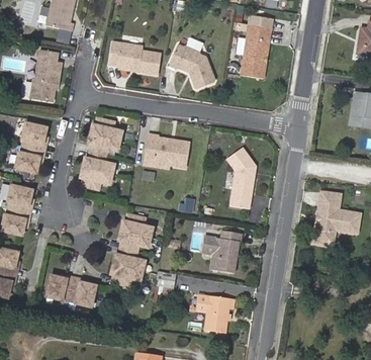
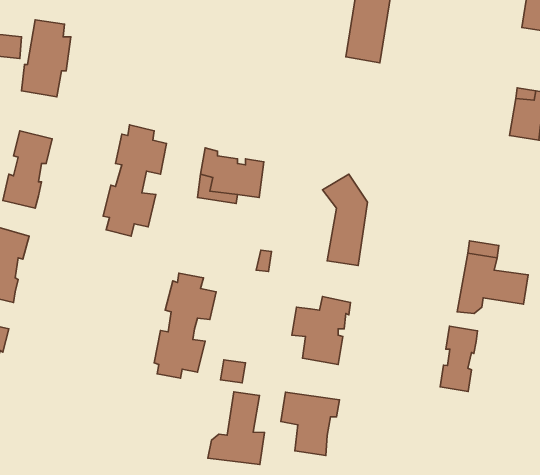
building: [109,40,162,74] -> none
building: [169,40,215,88] -> none
building: none -> [440,326,478,391]
building: [50,278,98,308] -> none
building: none -> [208,392,264,464]

